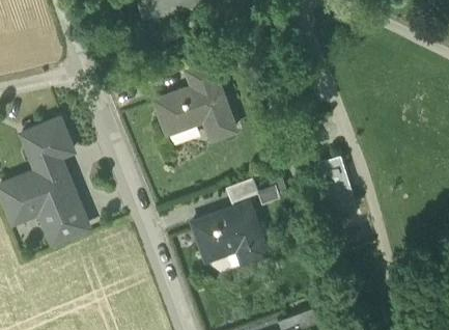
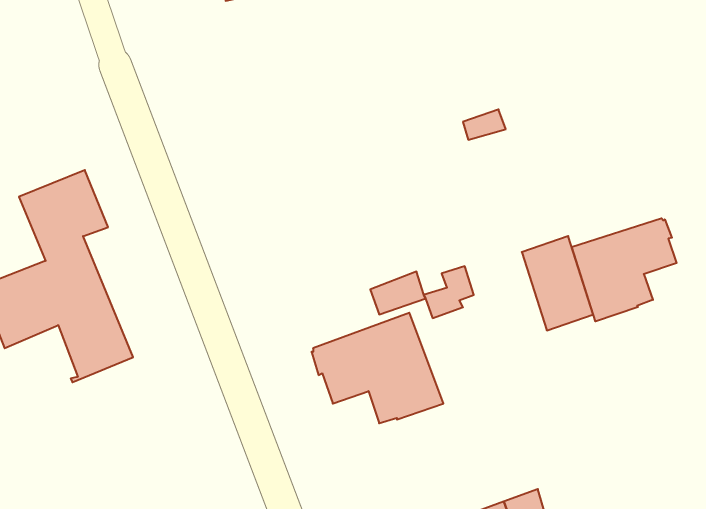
building: [157,59,238,138] -> none
building: none -> [572,218,677,321]

